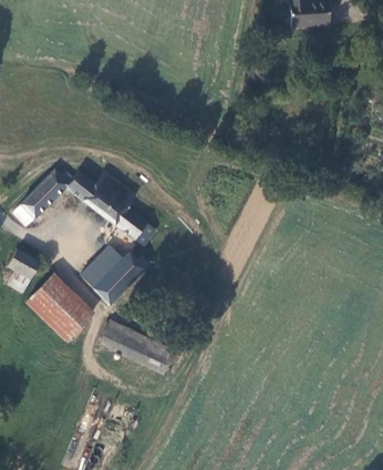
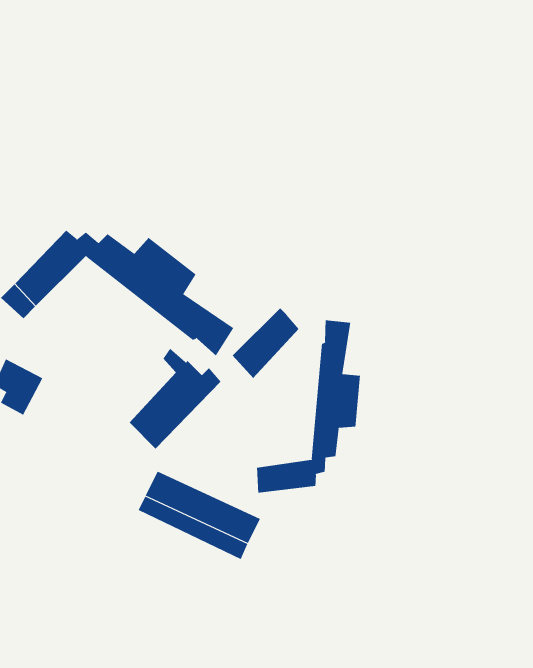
building: none -> [256,320,361,494]
building: [80,245,122,289] -> [232,307,300,379]
building: [25,276,91,340] -> none

